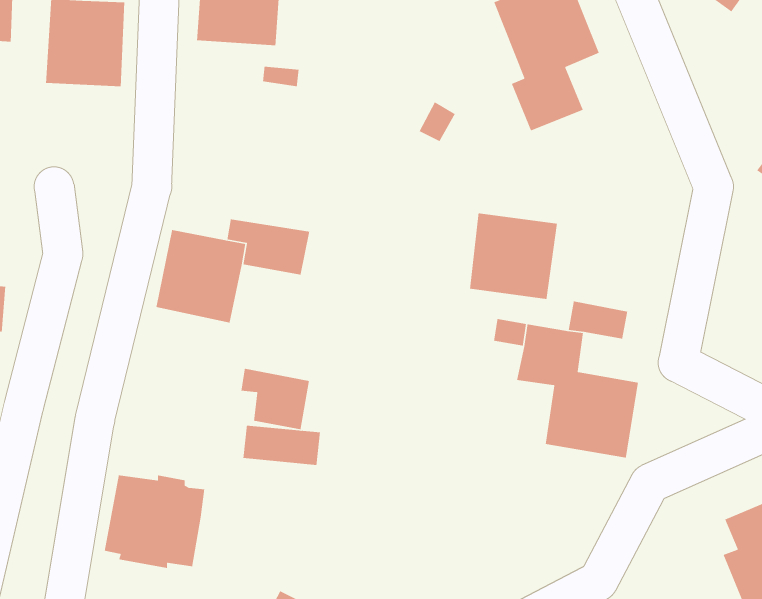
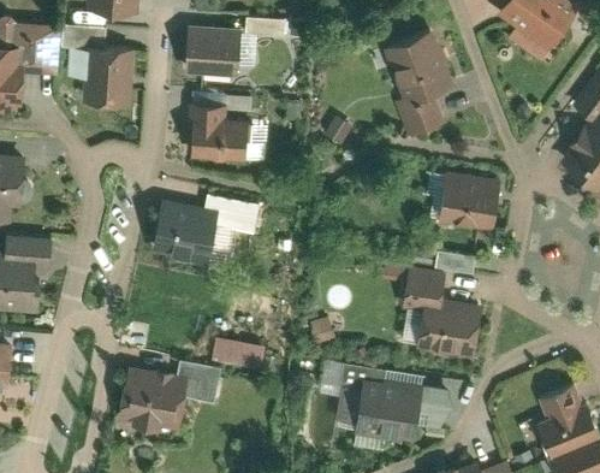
building: none -> [184,104,245,162]
building: [469,213,558,300] -> [439,172,499,231]
building: [241,368,310,430] -> [176,362,222,404]
building: none -> [334,378,447,443]

